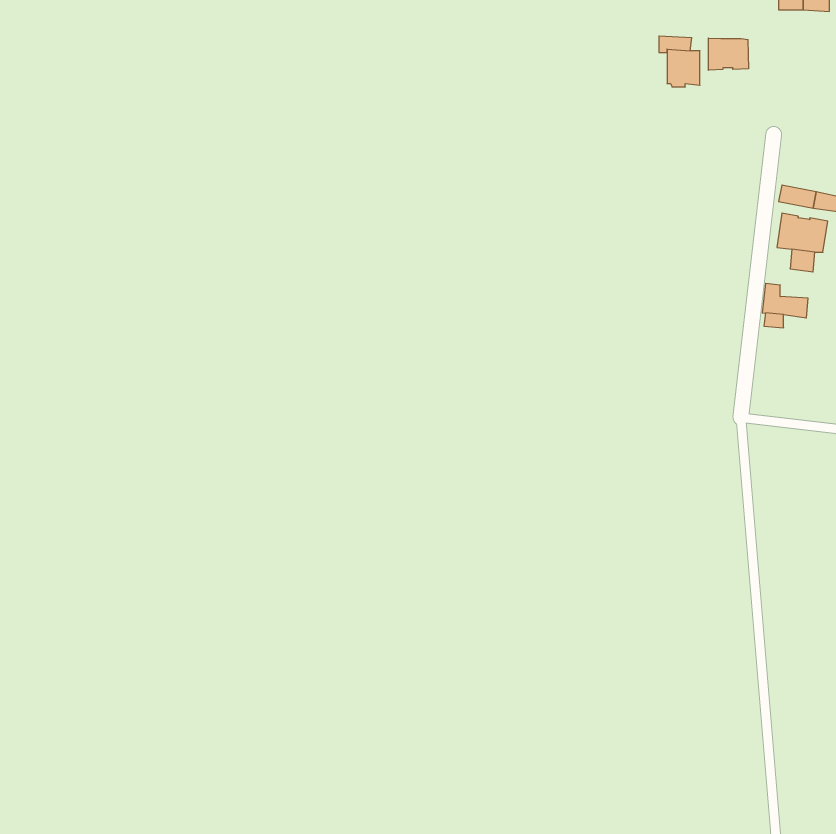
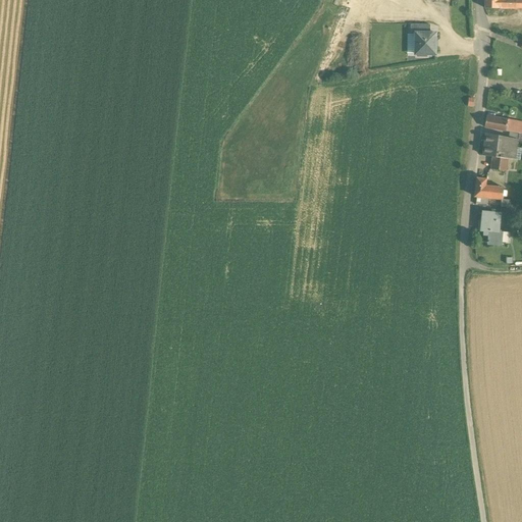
building: [708,38,748,70] -> none
building: none -> [479,210,503,242]

